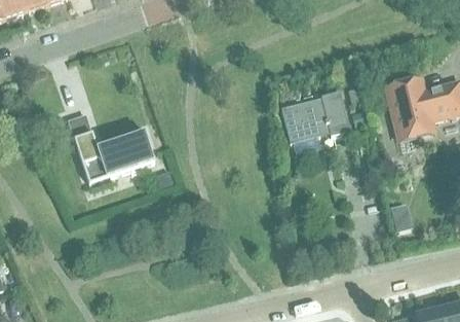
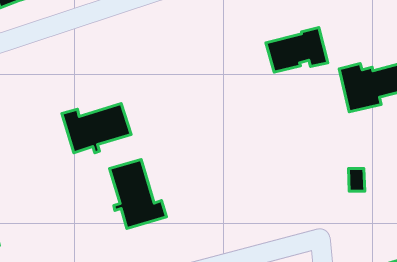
building: [281,93,351,143] -> [266,27,328,72]
building: none -> [110,160,166,229]

